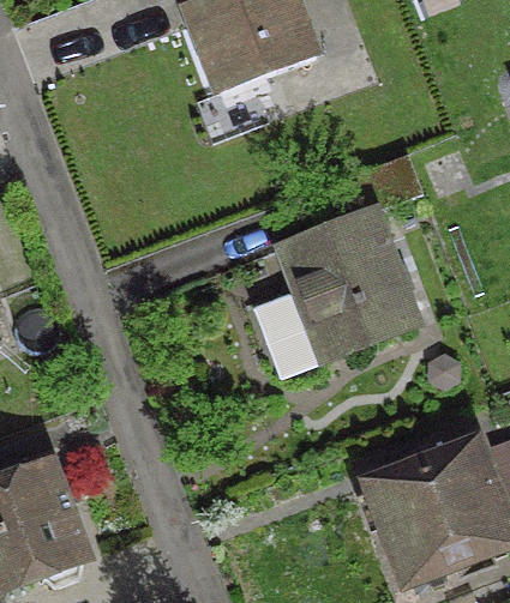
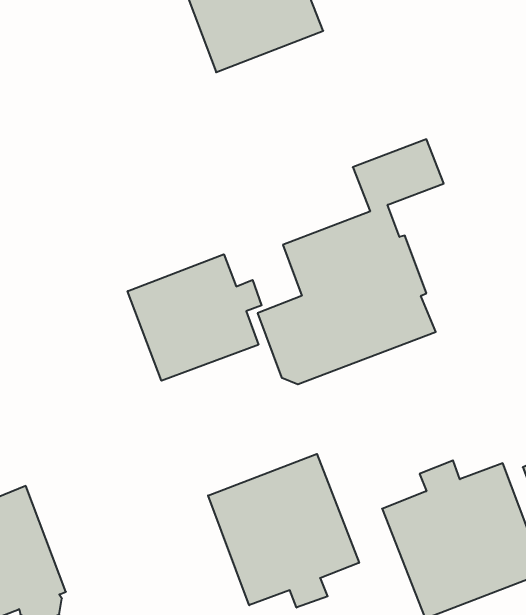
building: none -> [128,254,262,381]
building: none -> [208,454,359,608]

